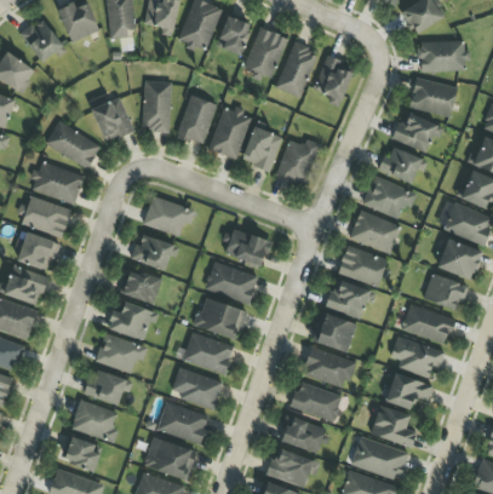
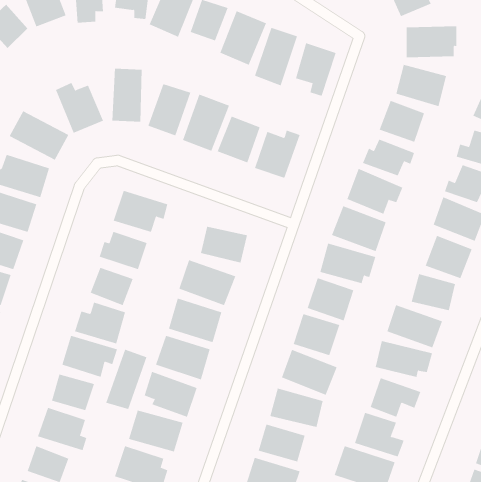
building: none -> [105,349,147,410]

